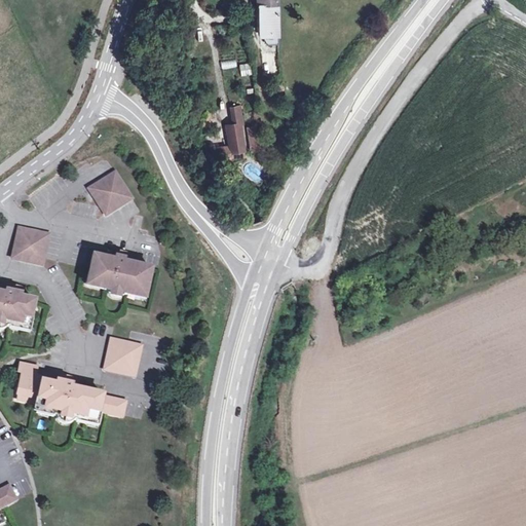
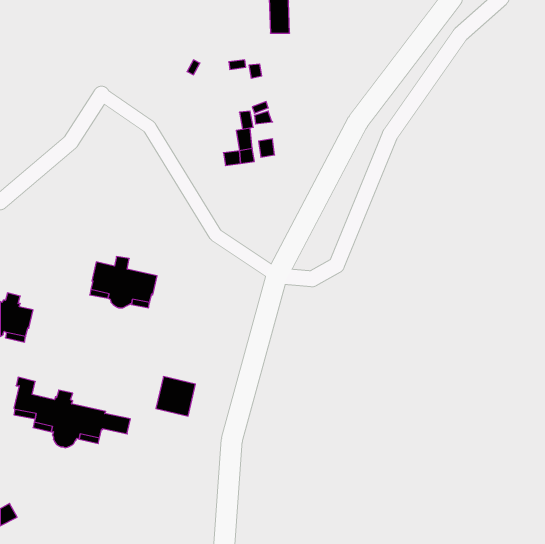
building: [90,165,134,210] -> none
building: [10,222,48,261] -> none
building: [105,338,143,376] -> [156,377,195,416]

